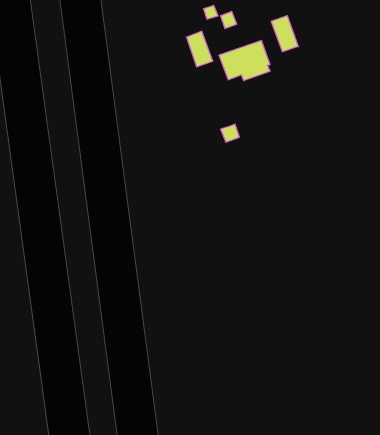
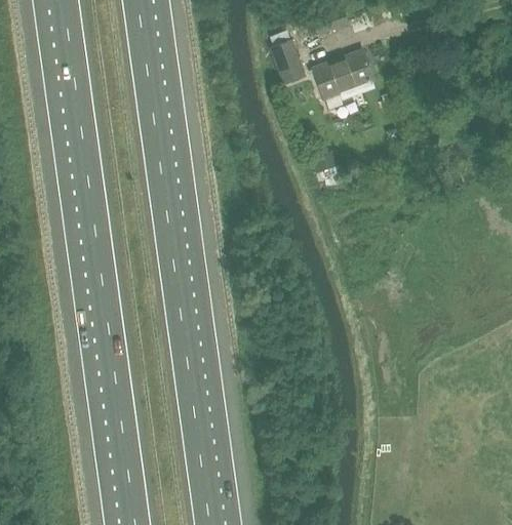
building: [271,16,298,52] -> none

